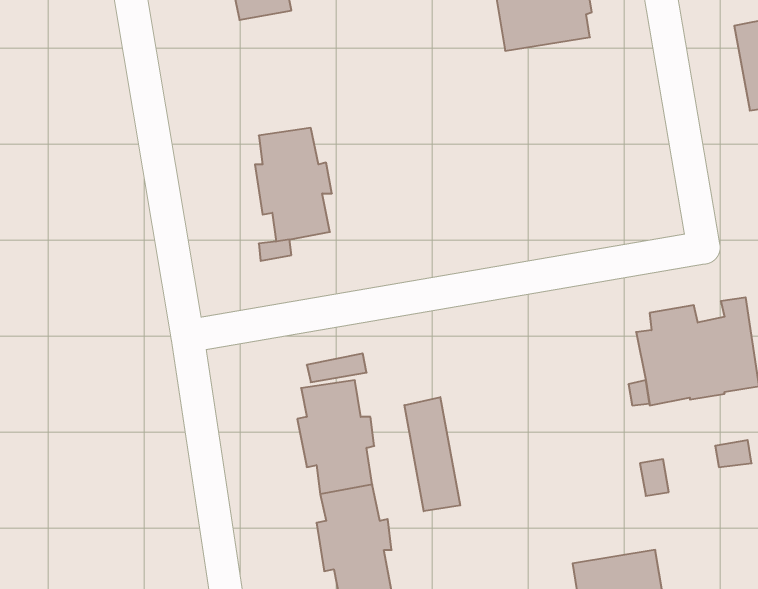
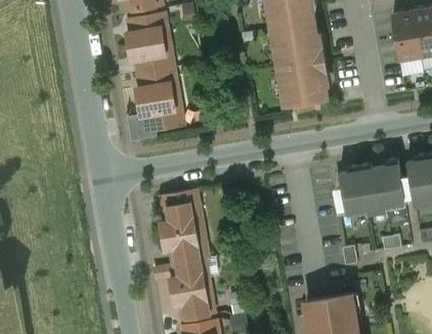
building: none -> [127,13,168,74]
building: none -> [270,22,330,107]
building: [404,397,460,511] -> none

